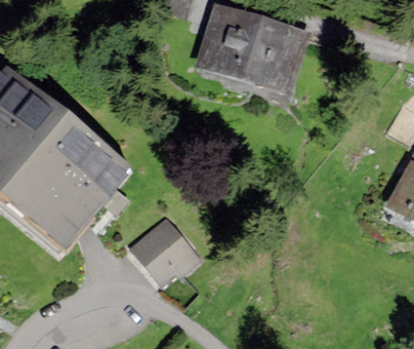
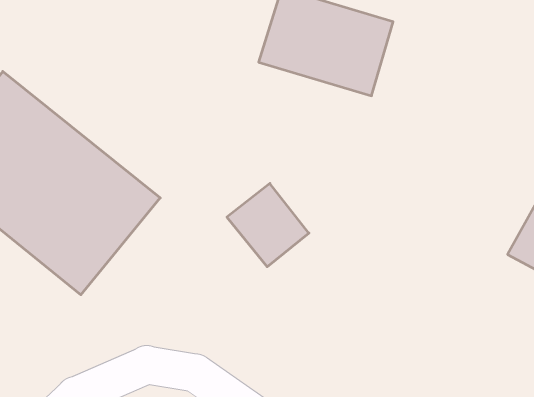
building: [132,218,195,281] -> [227,183,309,267]

